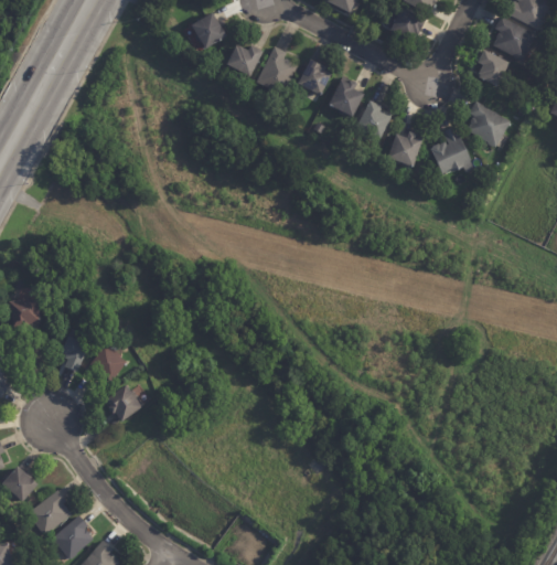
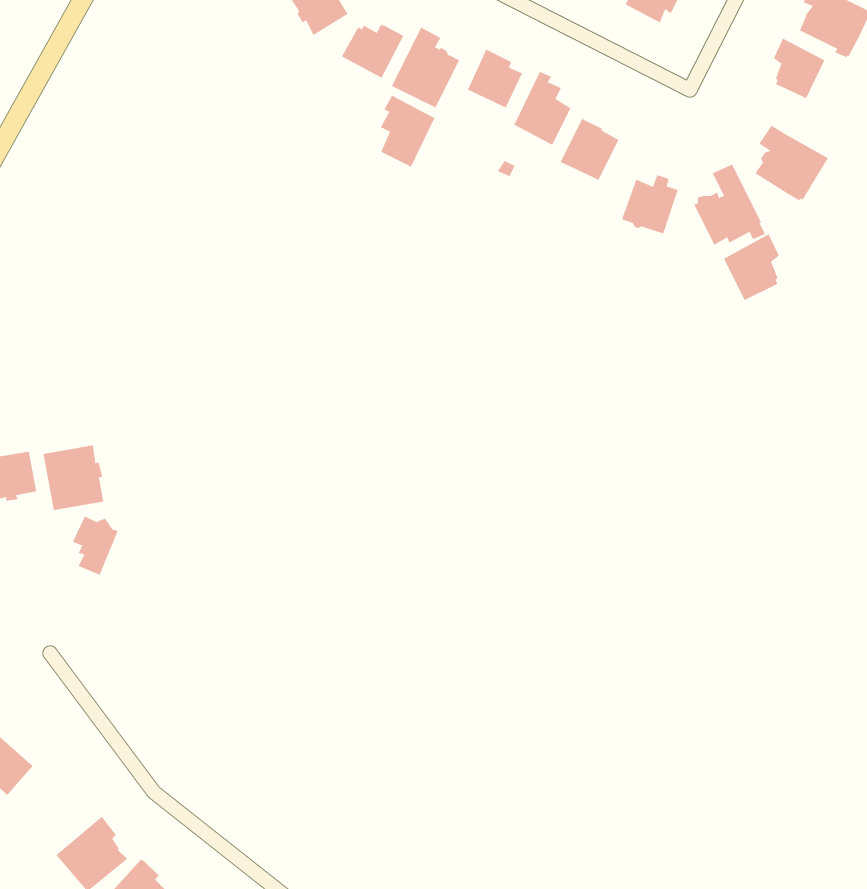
building: none -> [380,95,435,167]
building: none -> [723,234,780,301]
building: none -> [43,445,104,511]
building: [89,340,128,382] -> none
building: [105,384,143,422] -> none
building: [28,490,72,536] -> none

